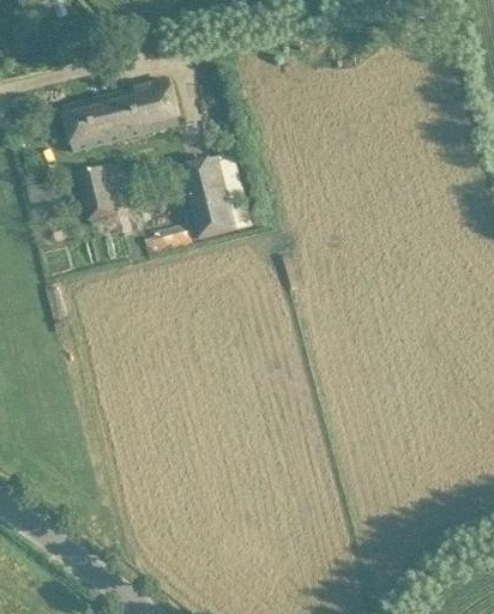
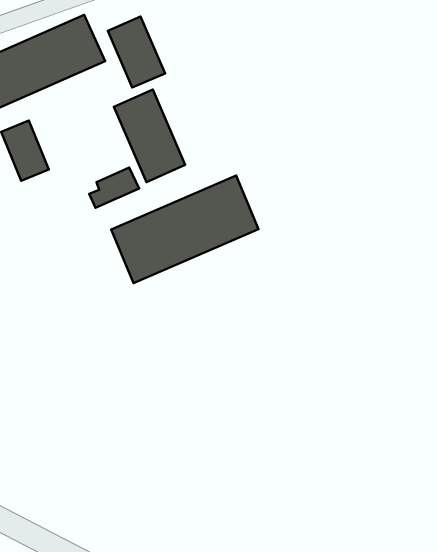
building: none -> [108,17,165,88]
building: none -> [111,176,259,283]

